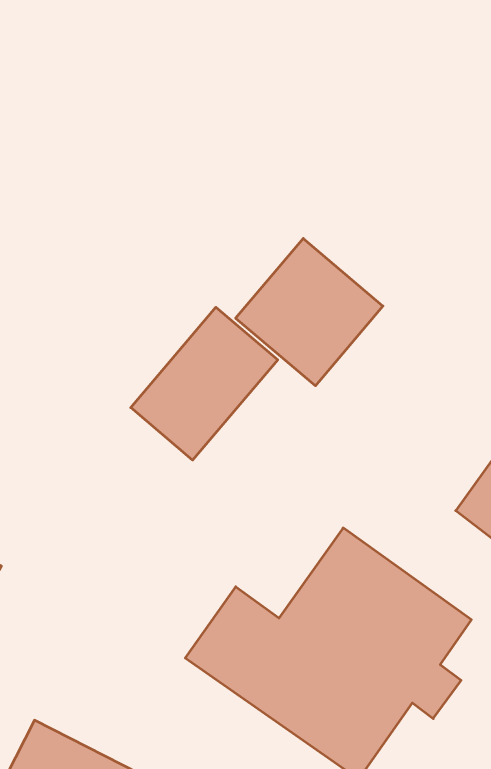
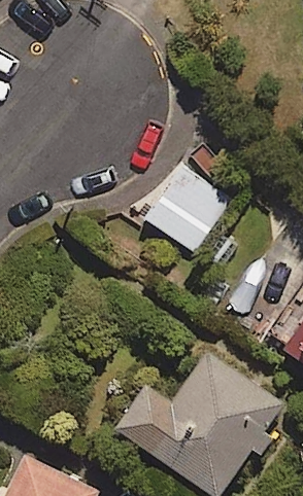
building: [131,307,278,460] -> none

